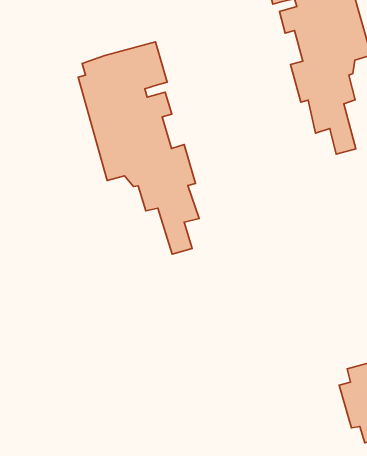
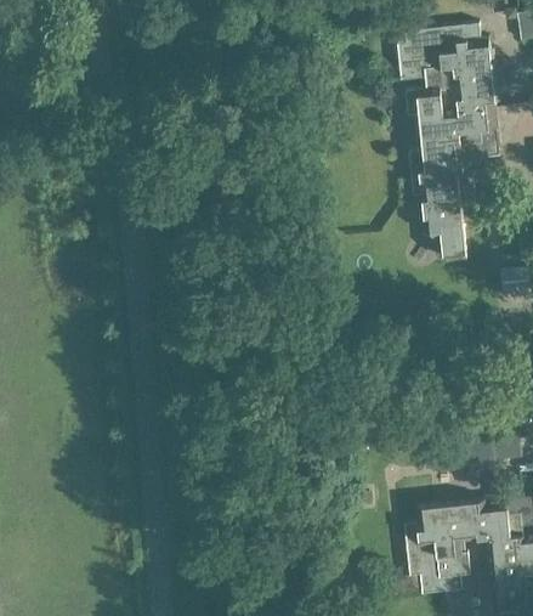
building: [78,42,199,254] -> none

